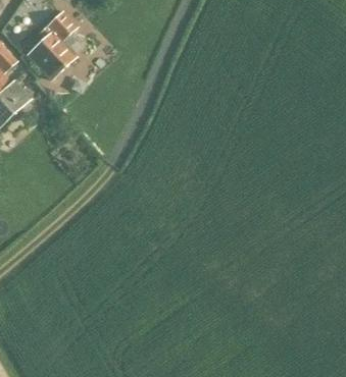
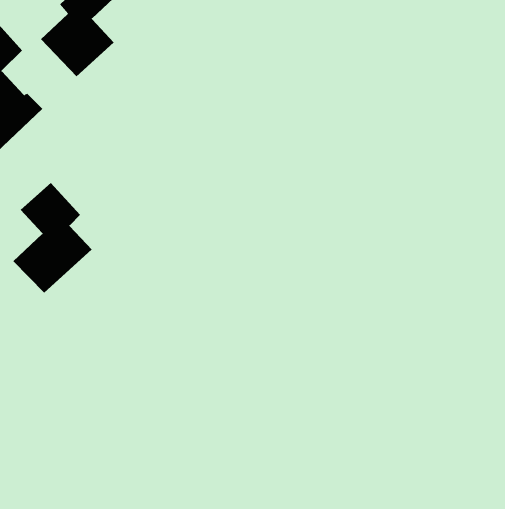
building: none -> [12,182,92,294]

